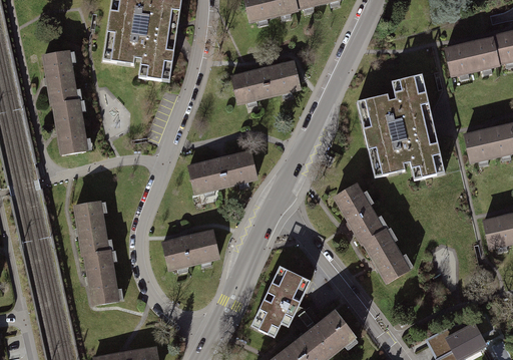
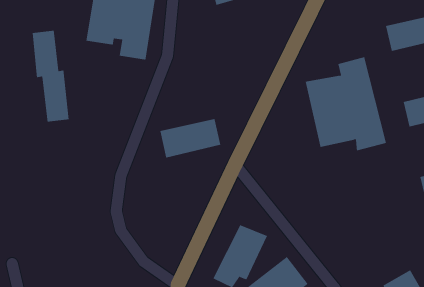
building: [234,60,300,103] -> none
building: [335,179,412,283] -> none
building: [75,200,118,304] -> none
building: [161,229,219,271] -> none

